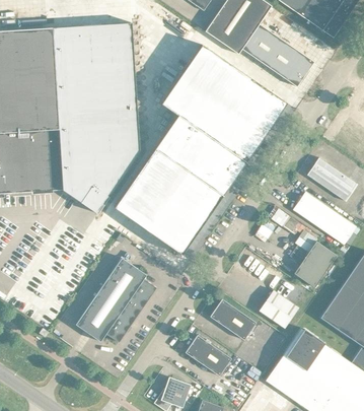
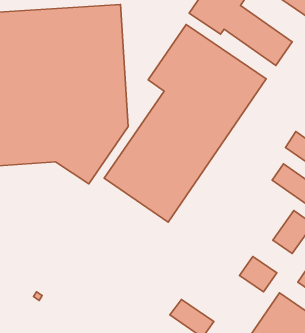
building: [75,258,156,342] -> none
building: [210,298,257,340] -> none

